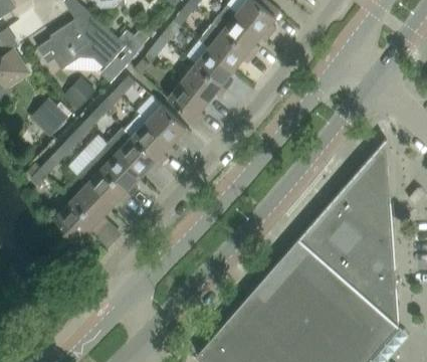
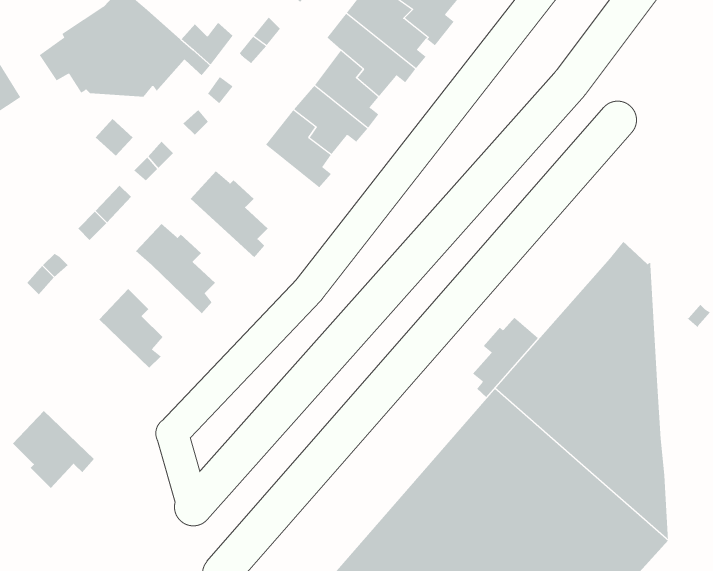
building: [31,98,71,134] -> none
building: [149,104,191,146] -> none
building: [108,128,161,177] -> none
building: [77,159,131,208] -> none
building: none -> [472,317,539,398]
building: [53,198,100,243] -> [12,410,95,489]

